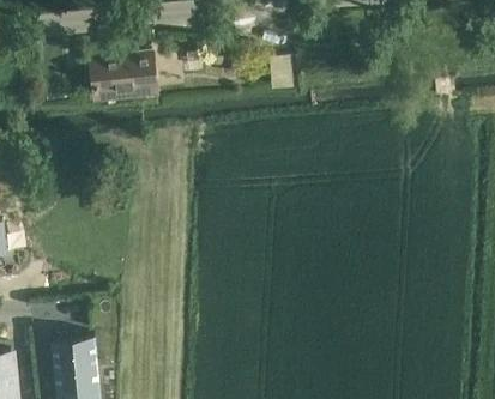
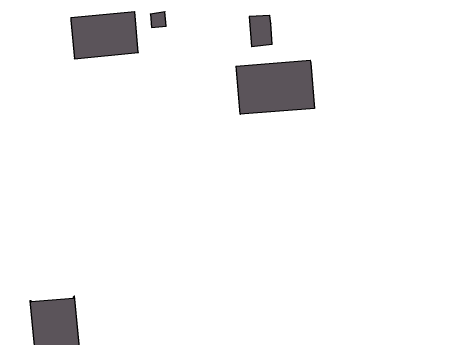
building: none -> [236,60,314,114]

